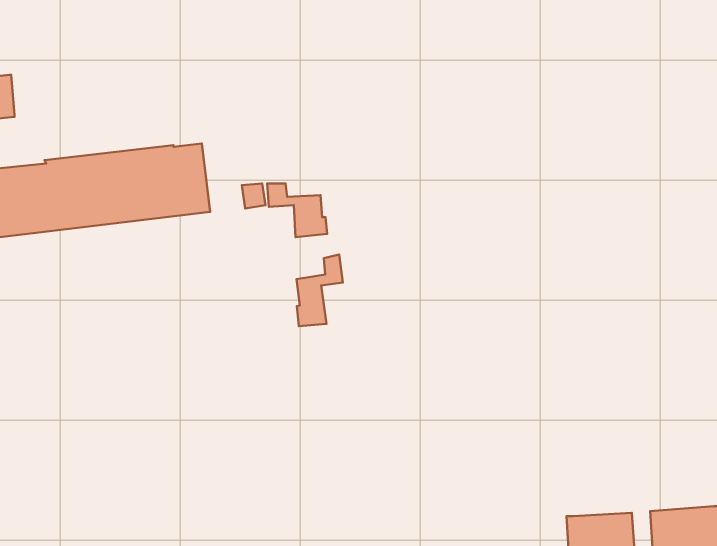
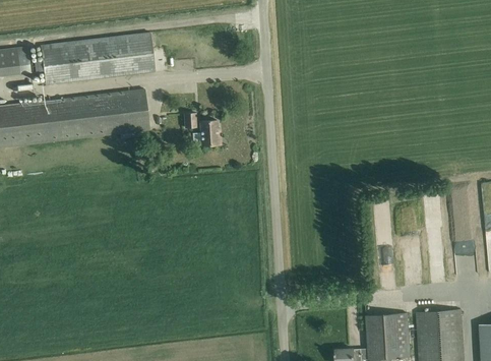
building: none -> [42,33,154,84]
building: [297,254,343,326] -> none

